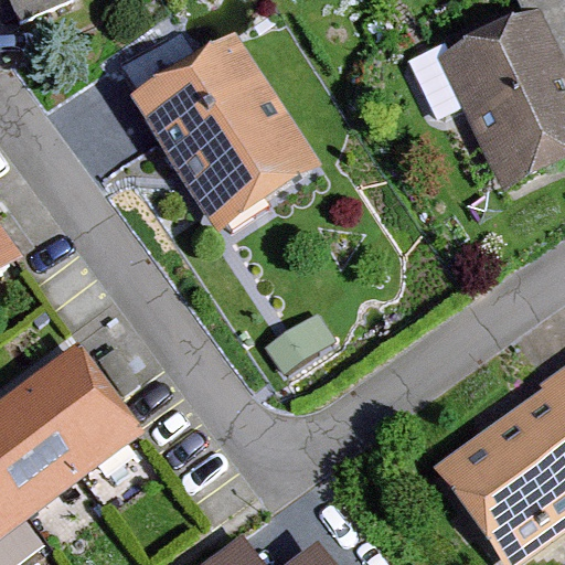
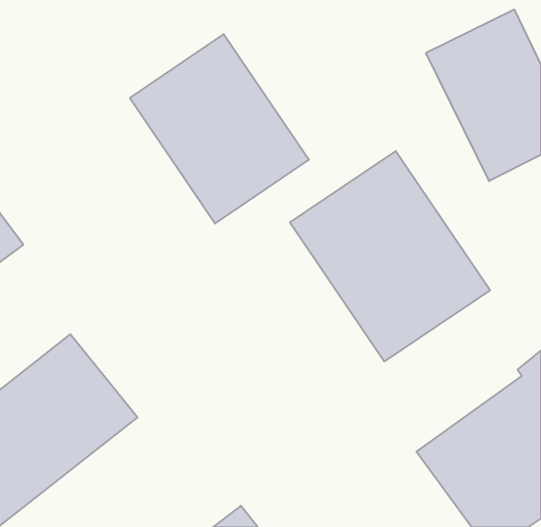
building: none -> [290,151,490,361]

